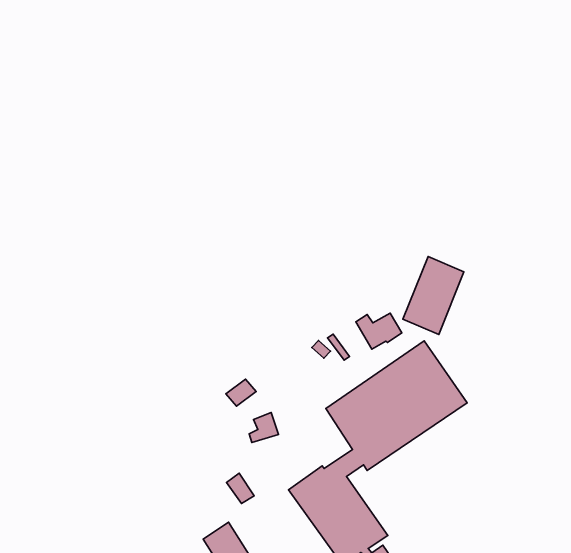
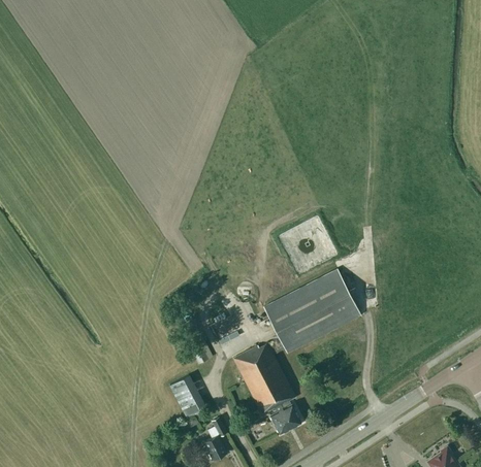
building: [403,256,464,334] -> none

